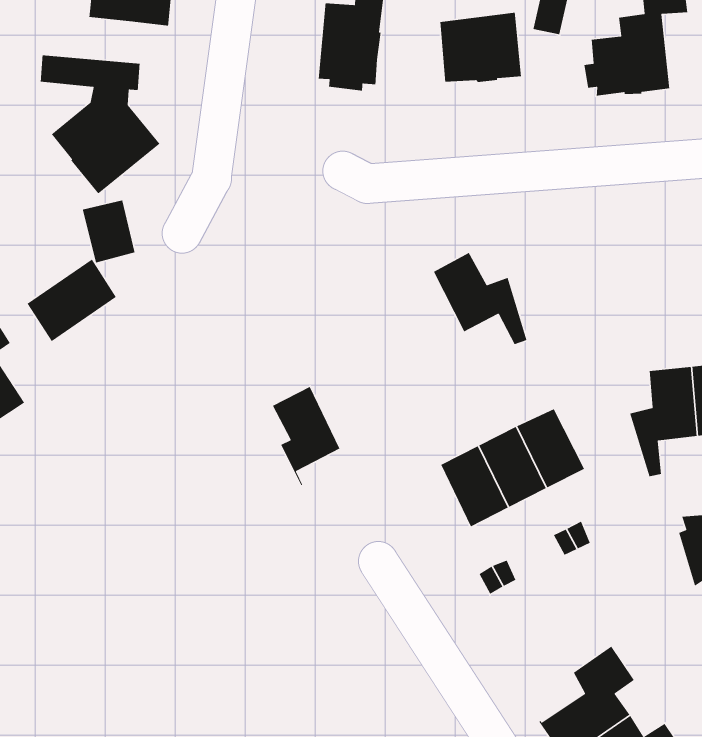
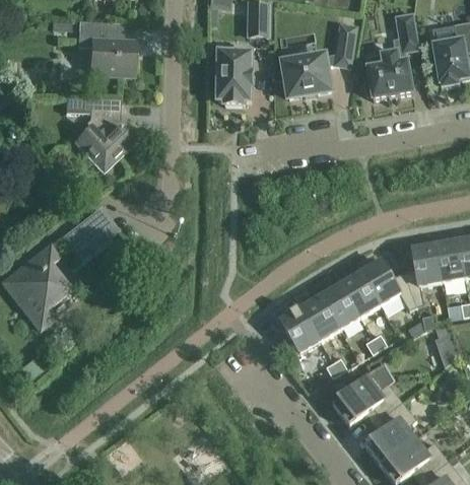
building: [82,200,135,264] -> none
building: [433,252,528,345] -> [361,259,416,308]
building: [272,386,341,486] -> [280,306,320,362]
building: none -> [332,361,402,425]

